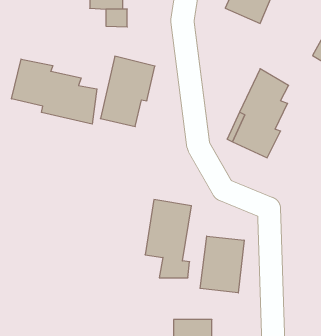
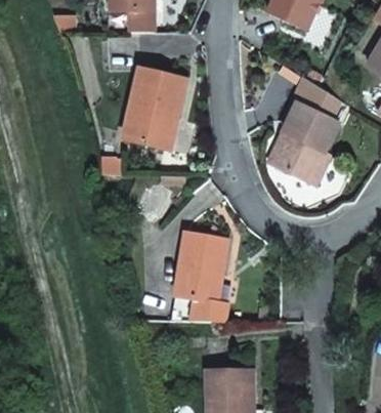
building: [12,59,97,124] -> none
building: [200,236,244,293] -> none

